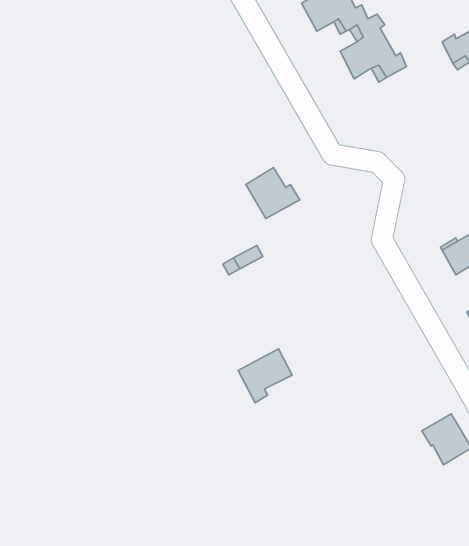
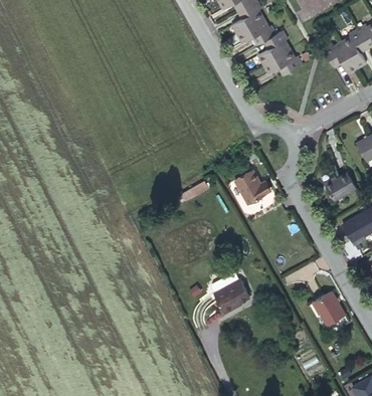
building: [246,168,300,218] -> [233,170,268,203]
building: [238,349,292,403] -> [213,279,248,315]

